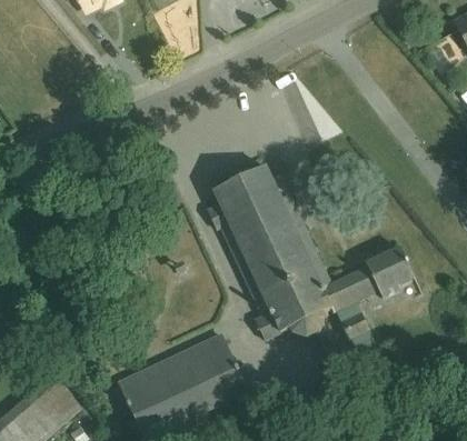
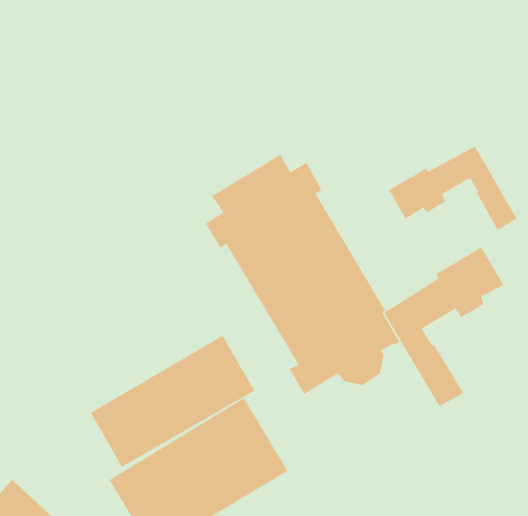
building: none -> [388,145,518,231]
building: none -> [90,335,255,468]

